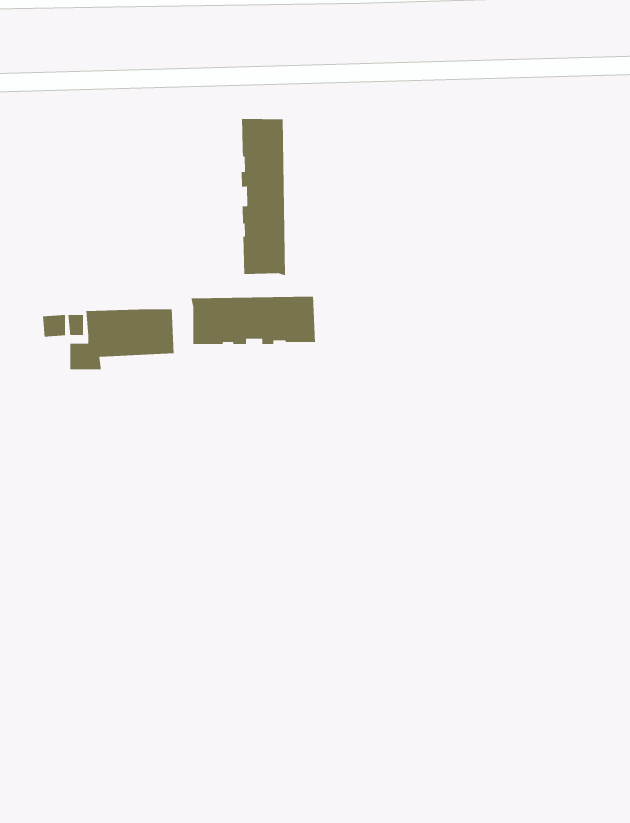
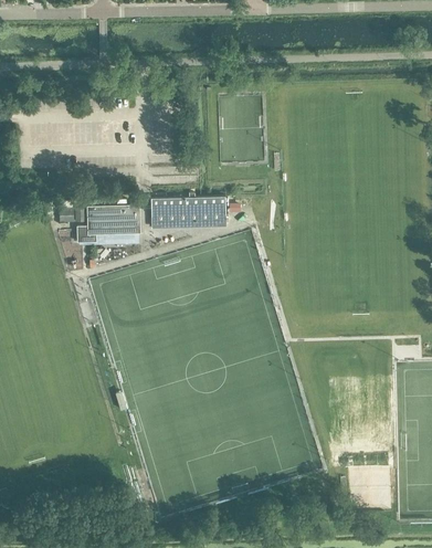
building: [241,118,286,276] -> none

